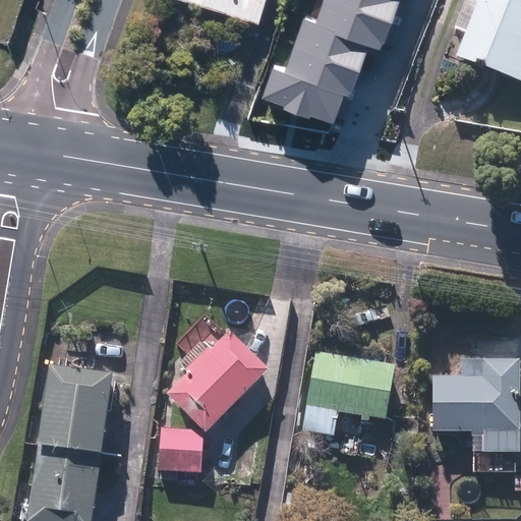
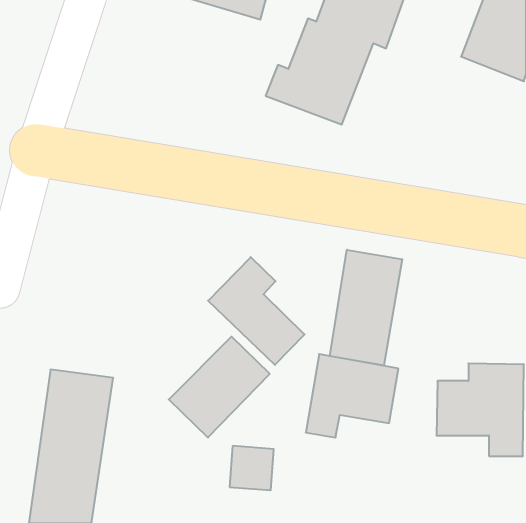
building: none -> [330,250,402,365]
building: none -> [208,257,305,365]
building: [159,428,202,472] -> [230,446,274,490]

